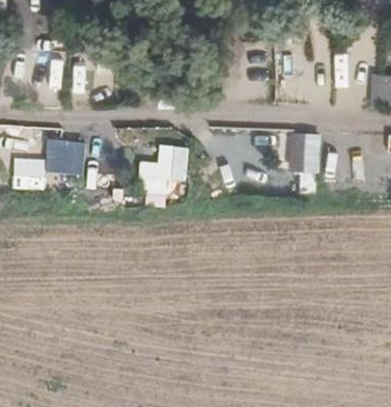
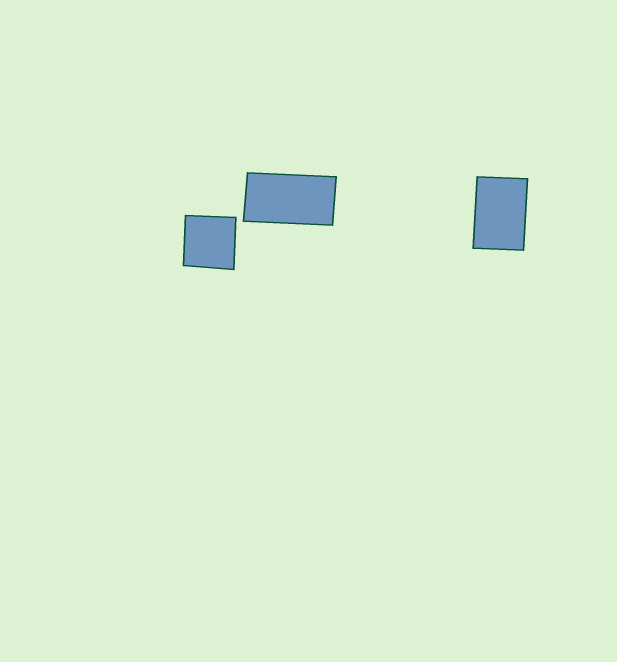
building: [44,141,84,177] -> none

